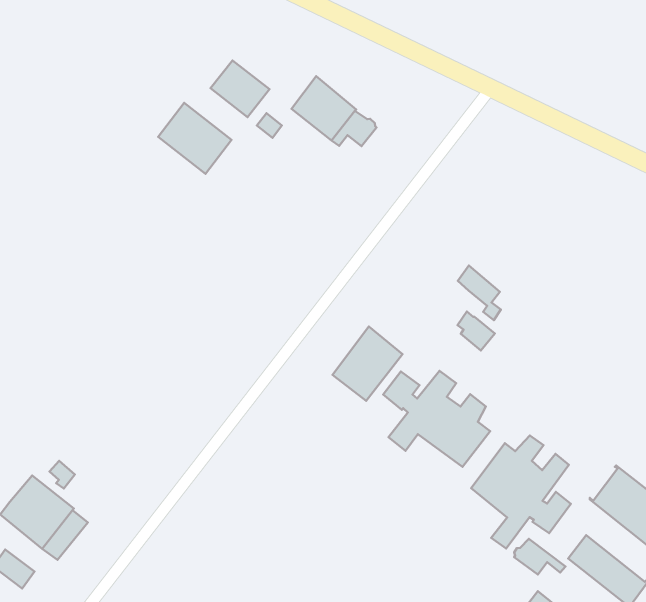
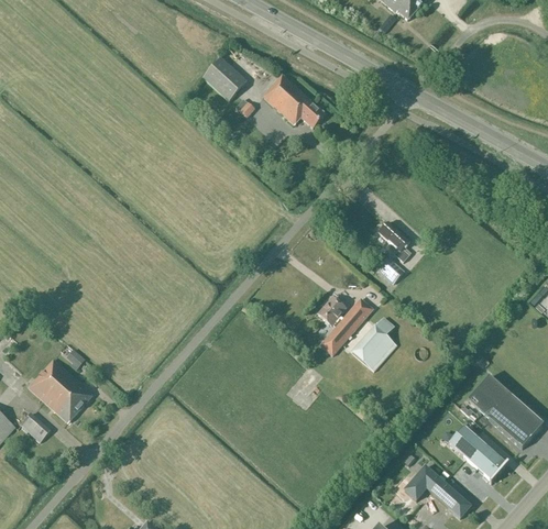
building: [158,103,232,174] -> none
building: [332,327,403,401] -> none
building: [471,436,571,548] -> none
building: [514,539,565,574] -> none

